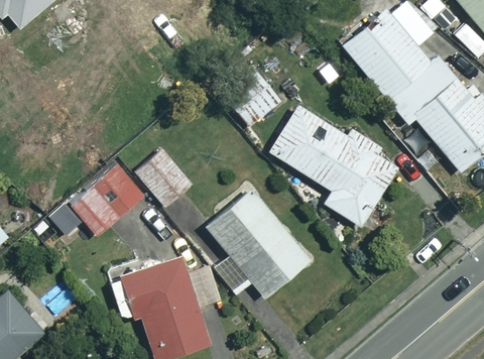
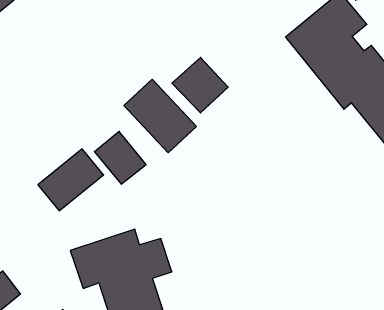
building: none -> [124,79,196,153]
building: [269,105,396,226] -> none
building: [205,188,309,296] -> none

